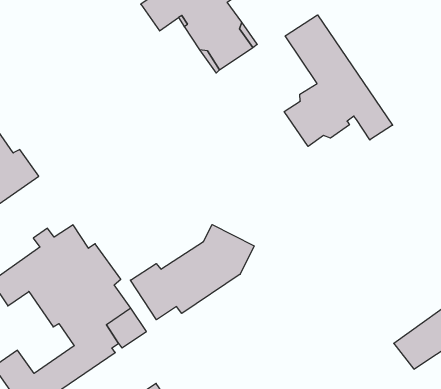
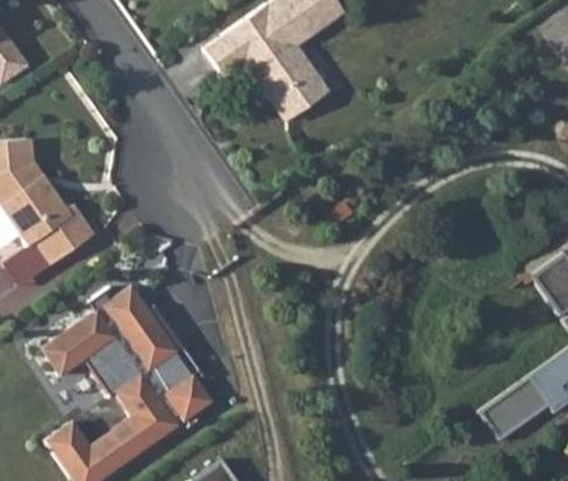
building: [284,15,393,146] -> none
building: [130,225,254,320] -> none

